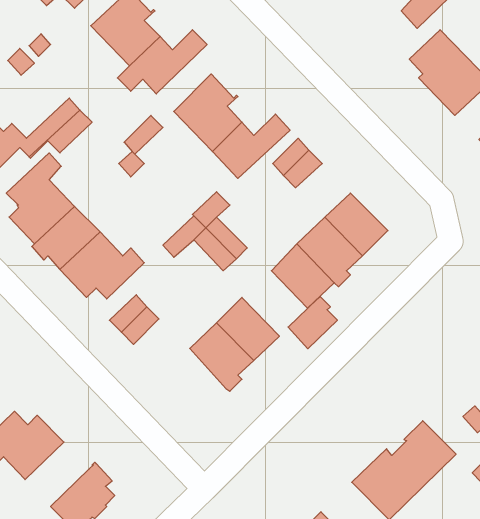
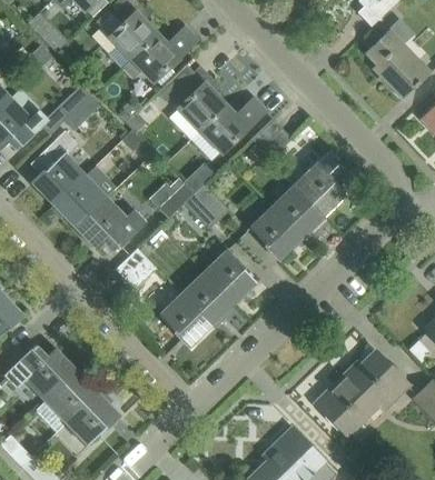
building: [288,296,337,349] -> none
building: none -> [158,292,211,347]
building: none -> [45,370,101,423]

